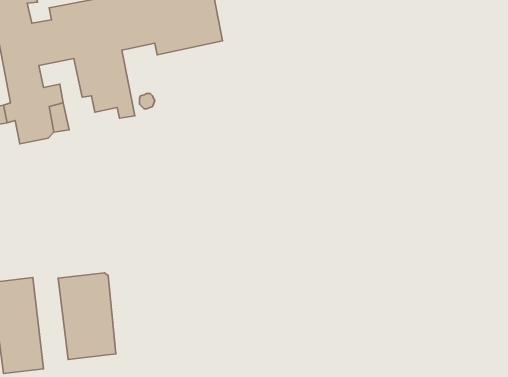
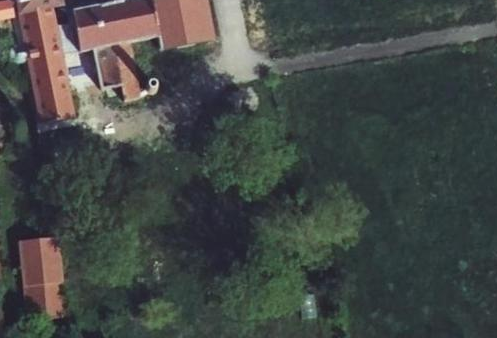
building: [58,273,116,360] -> none

